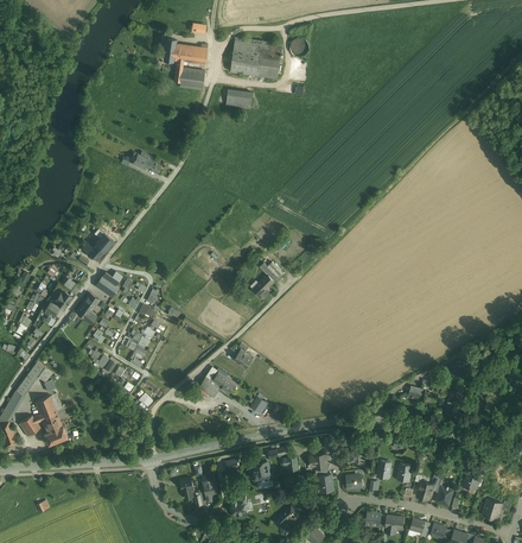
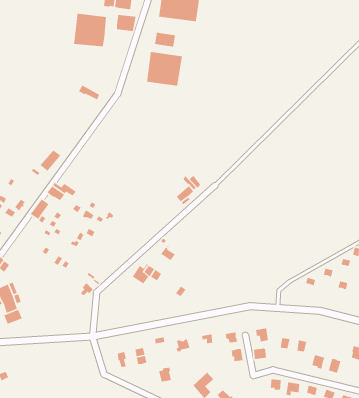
building: none -> [73,13,107,47]
building: none -> [146,51,183,87]

